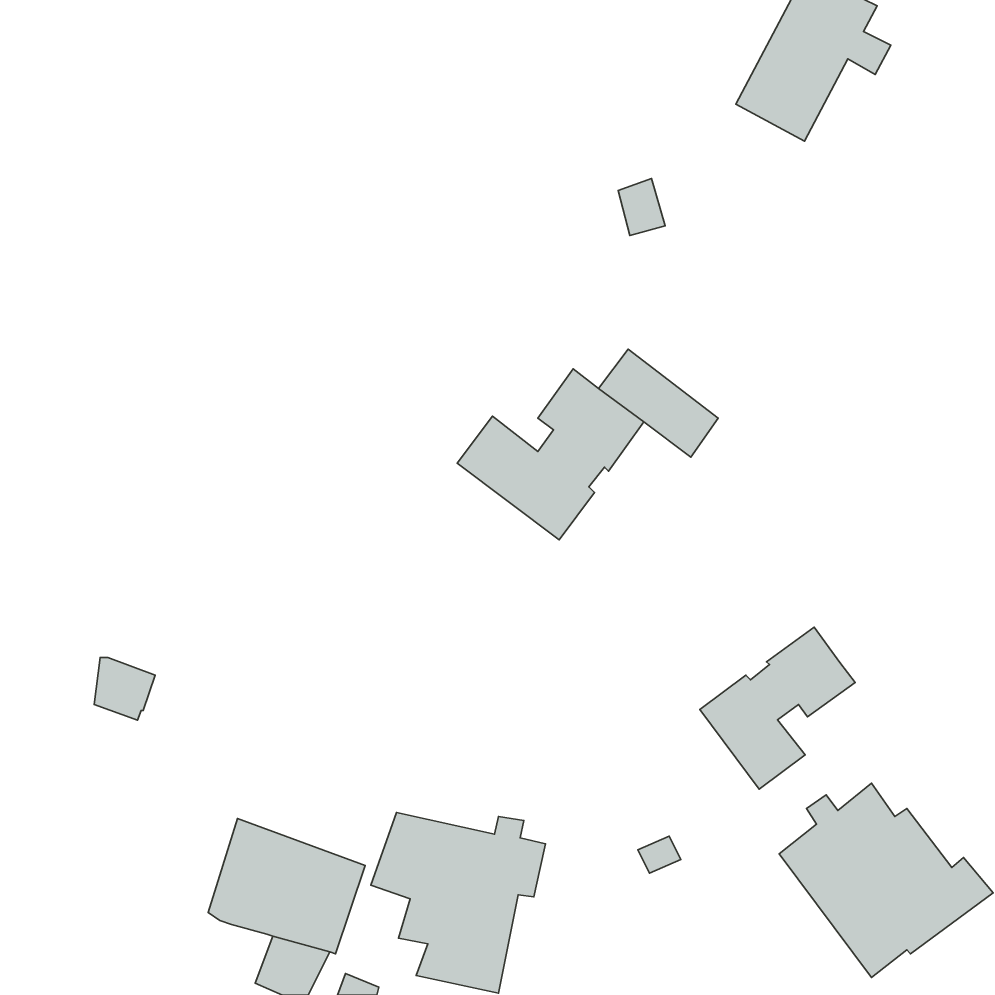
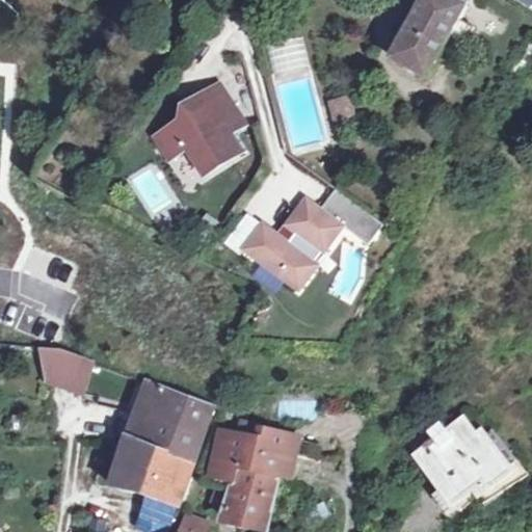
building: none -> [157,80,242,169]
building: [700,627,855,789] -> none
building: none -> [126,378,211,458]

